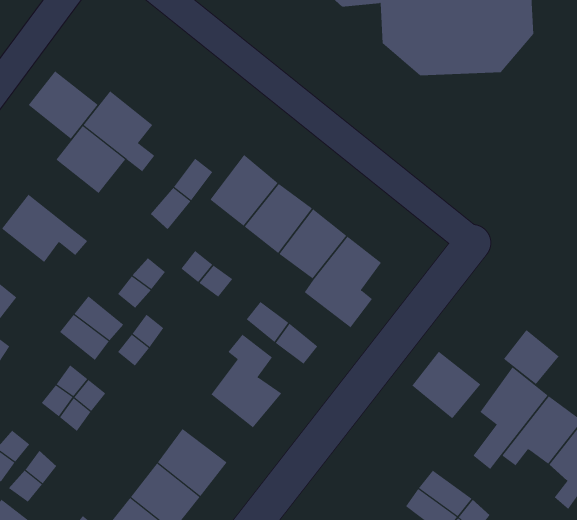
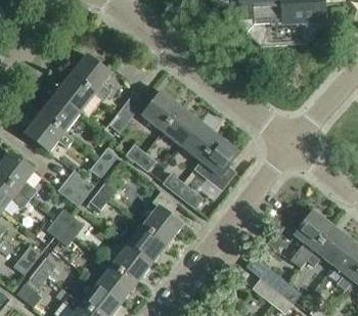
building: [28,70,98,139] -> [40,92,80,131]
building: [503,329,560,385] -> none
building: [412,351,481,419] -> none
building: none -> [120,218,167,263]

